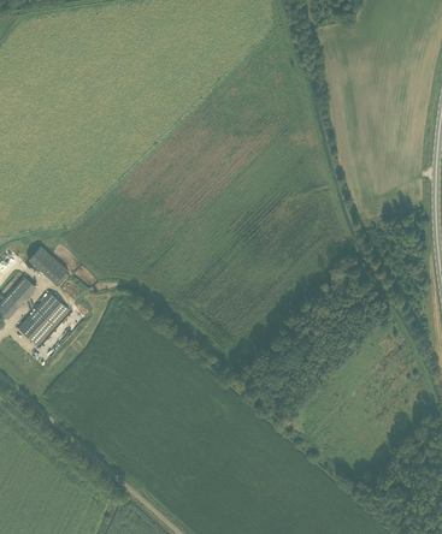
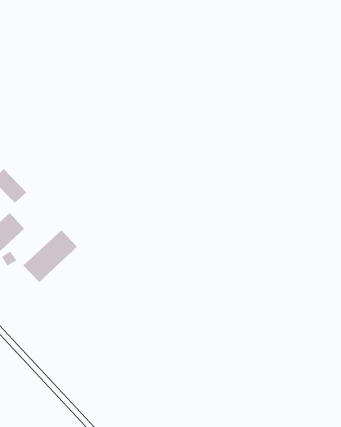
building: none -> [22,229,78,283]

